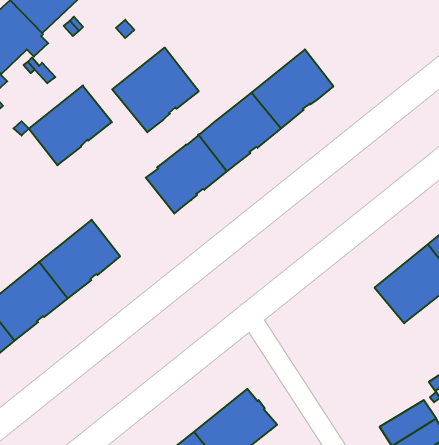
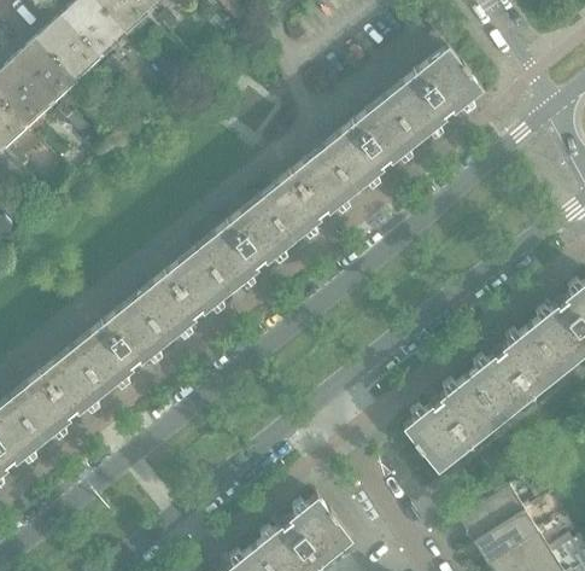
building: none -> [385,48,482,142]
building: [112,48,199,132] -> none
building: [29,85,112,165] -> [134,249,232,343]
building: none -> [403,379,502,473]
building: none -> [458,488,525,543]

